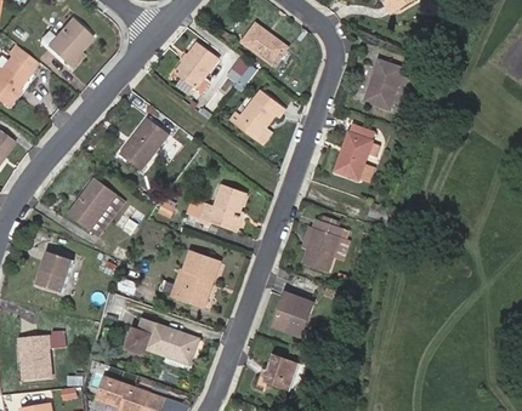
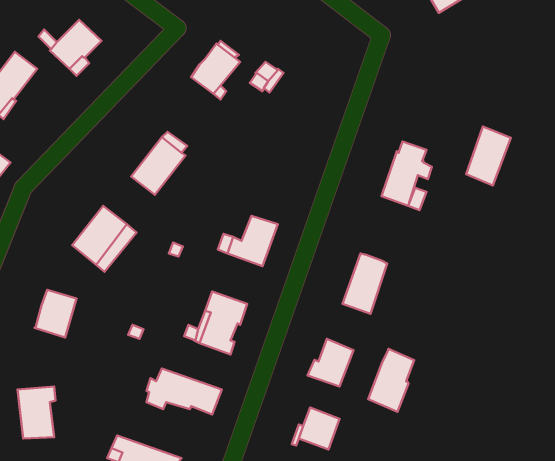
building: [243,24,288,67] -> none
building: [365,61,404,112] -> [466,127,511,185]
building: [236,92,286,143] -> none
building: none -> [368,349,414,412]

